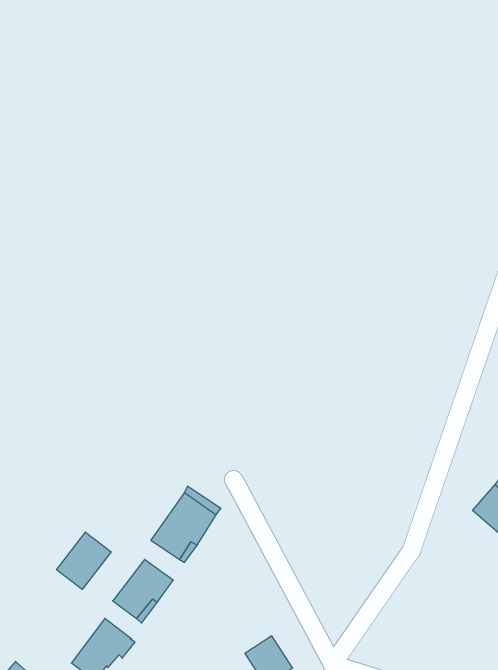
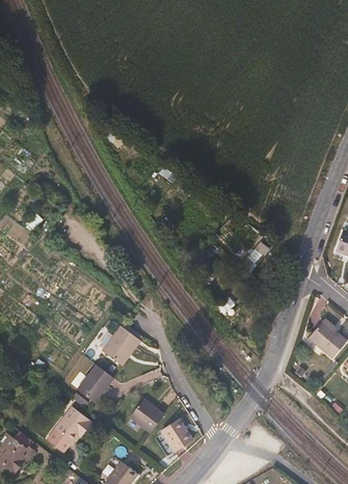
building: [57,532,111,589] -> none
building: none -> [130,402,161,432]

